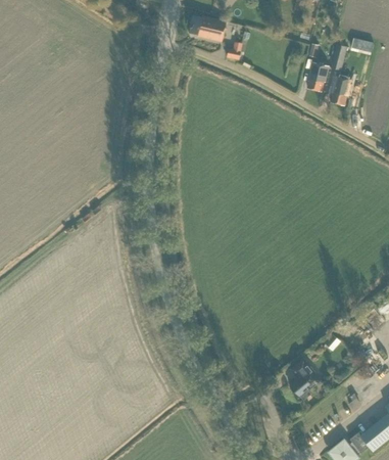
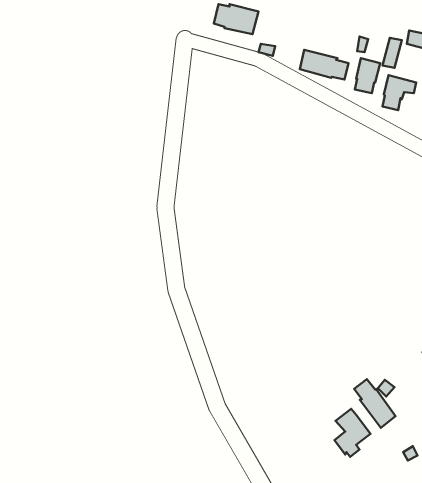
building: none -> [300,50,349,79]
building: none -> [354,379,396,428]

